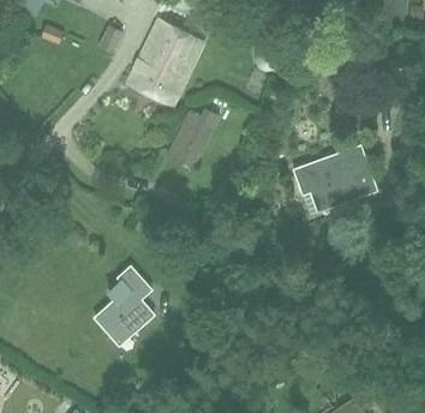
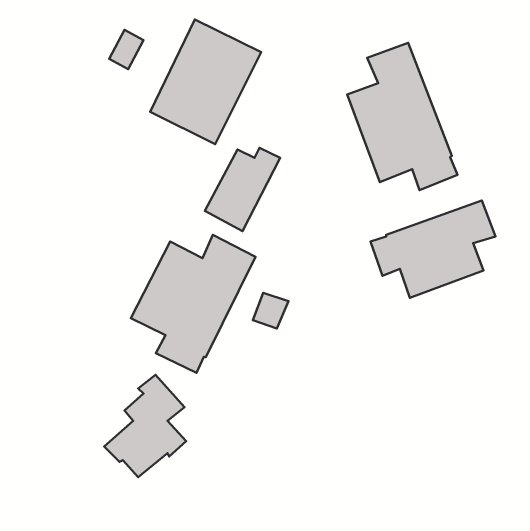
building: none -> [347,43,458,190]
building: none -> [131,235,255,373]

